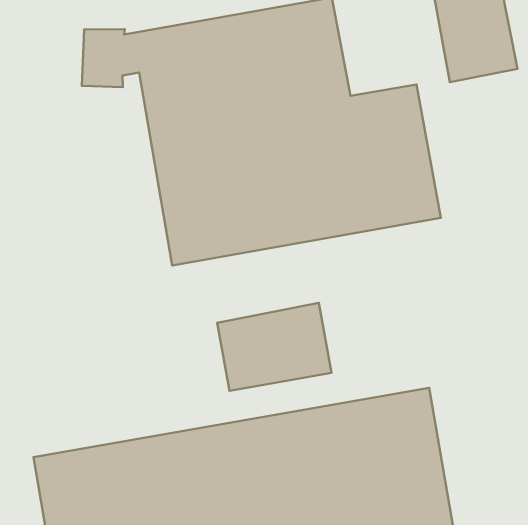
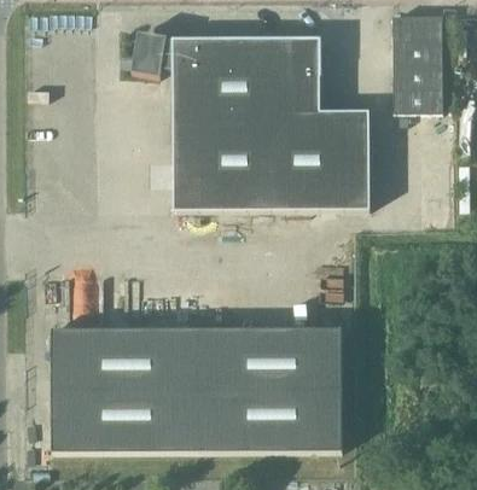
building: [217,303,331,391] -> none

